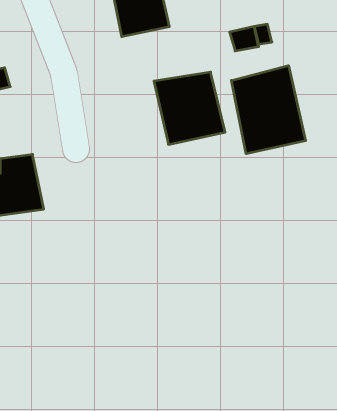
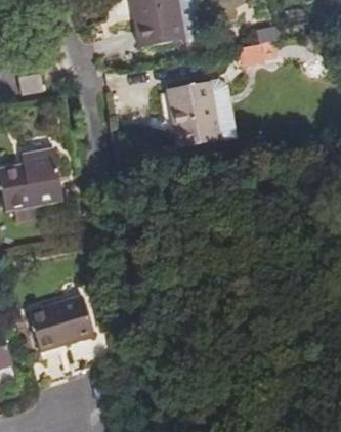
building: [231,66,306,154] -> none
building: none -> [30,292,98,358]

